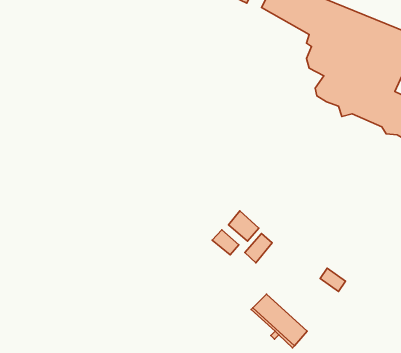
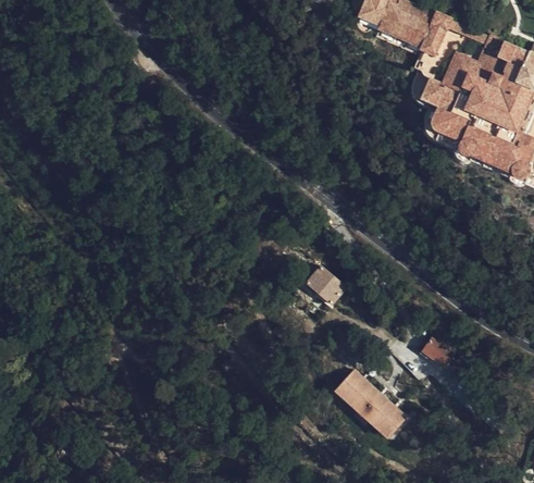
building: [212,230,239,255] -> none
building: [245,234,272,263] -> none

